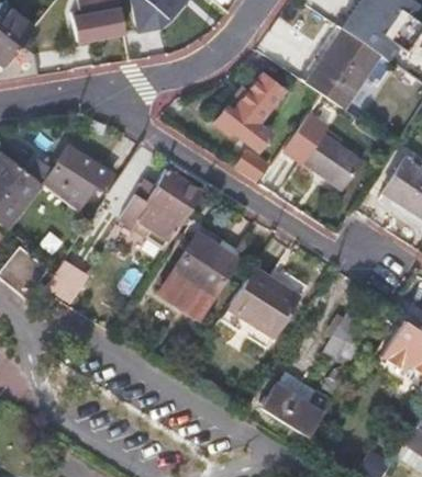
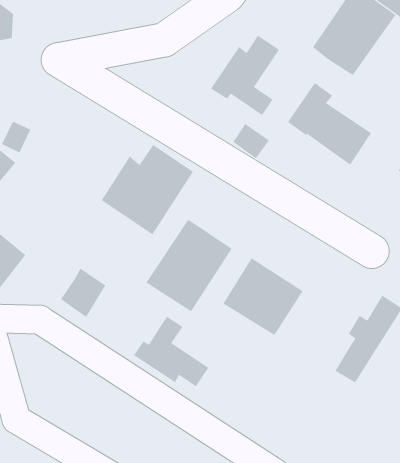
building: [44,150,111,212] -> none
building: [47,260,88,304] -> [60,268,106,318]
building: none -> [133,316,209,387]
building: [263,375,331,438] -> none

